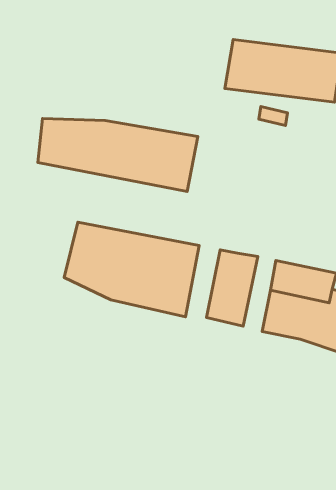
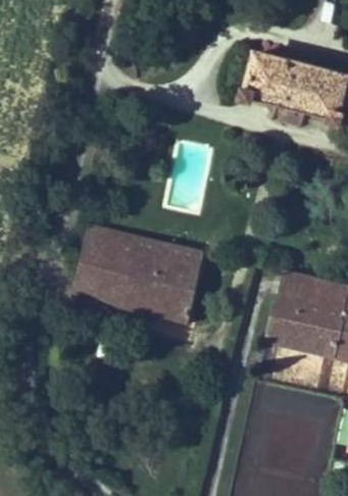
building: [38,119,198,191] -> none
building: [207,250,258,326] -> none

